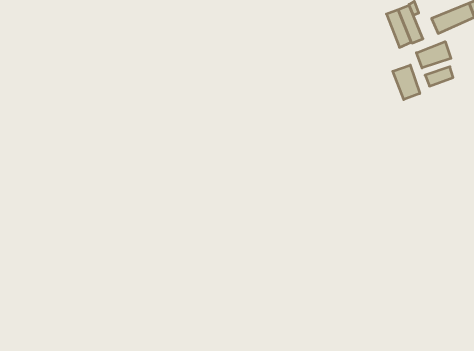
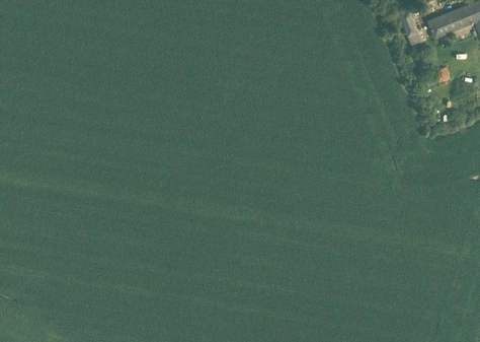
building: [416,42,451,68] -> none
building: [393,65,420,100] -> none

